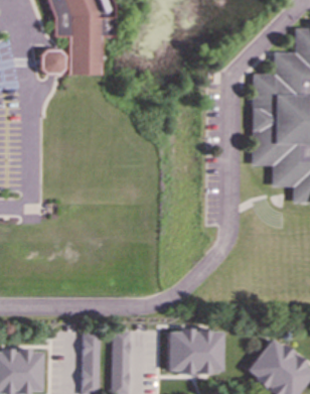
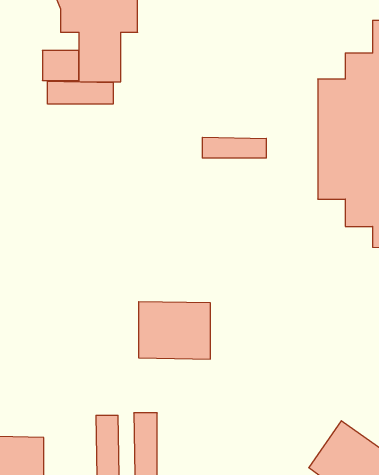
building: none -> [48,81,113,104]
building: none -> [202,137,266,158]
building: [167,330,222,374] -> [139,302,210,359]

